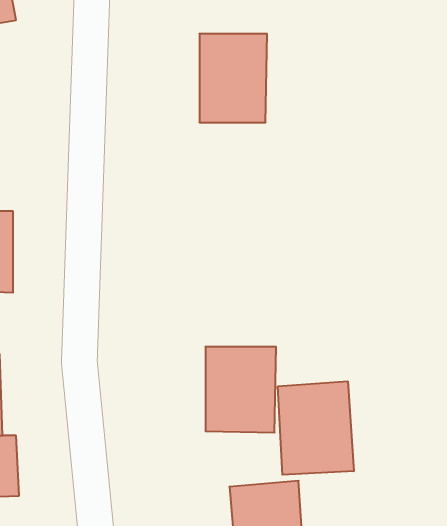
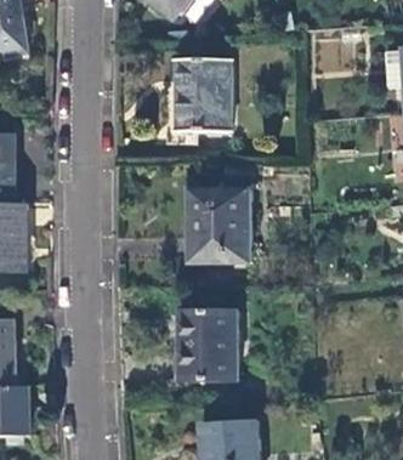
building: none -> [188,191,250,261]
building: [278,381,354,475] -> none

